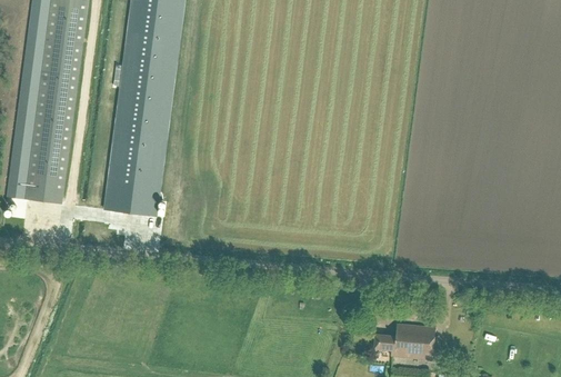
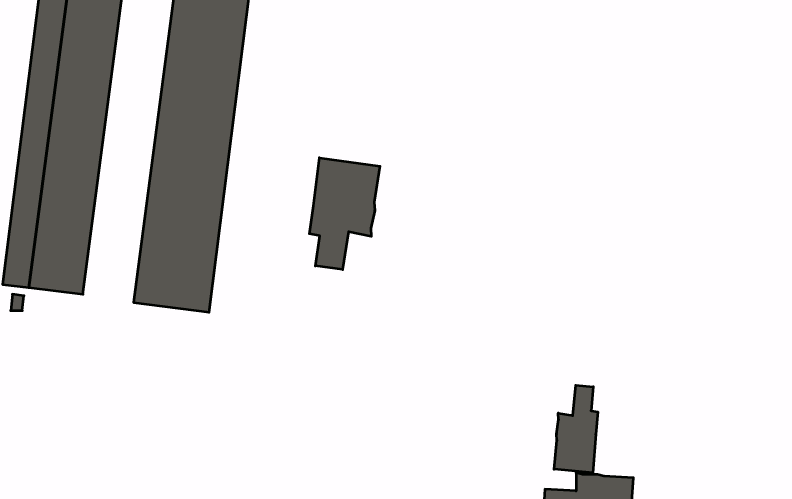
building: none -> [309,158,380,270]
building: none -> [554,385,598,473]

